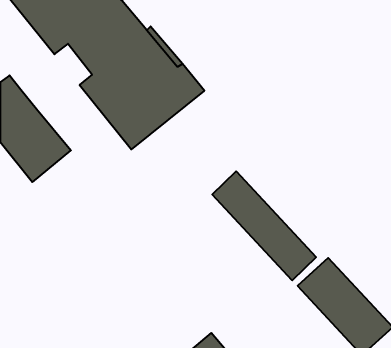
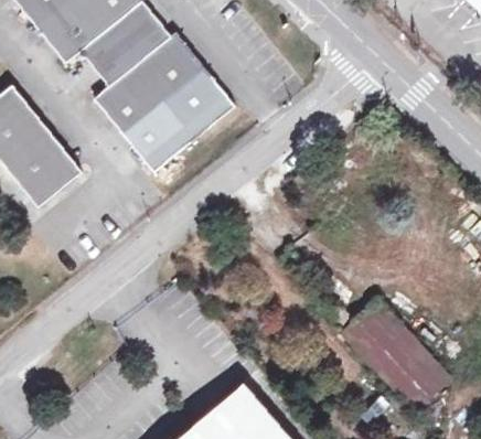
building: [212,171,316,280] -> none

